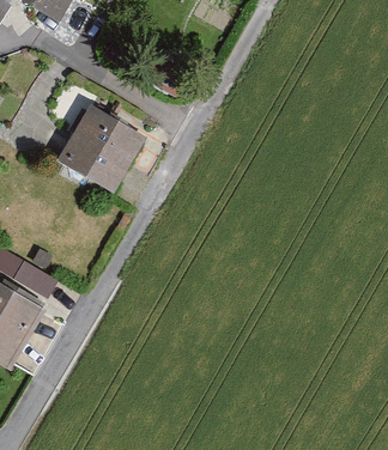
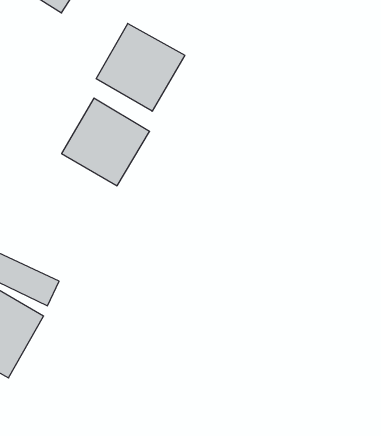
building: none -> [96,23,185,111]

